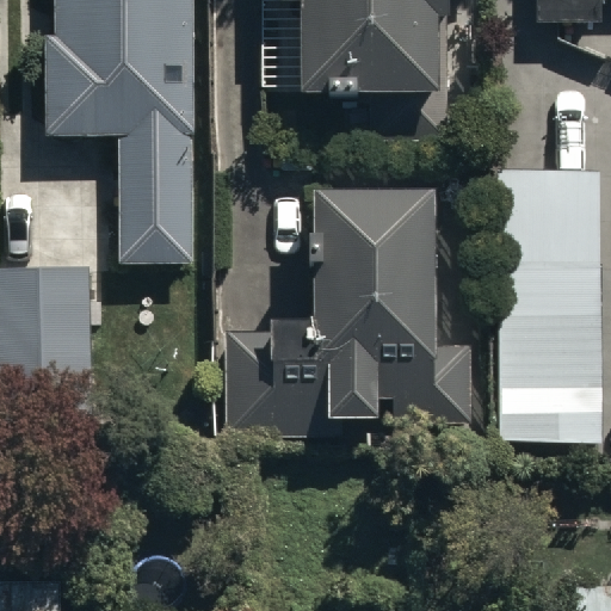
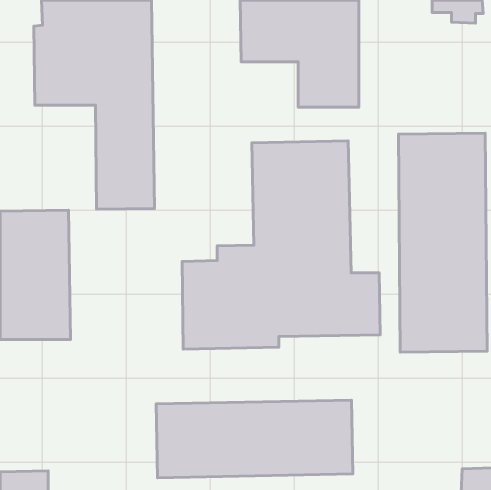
building: none -> [156,400,353,478]

